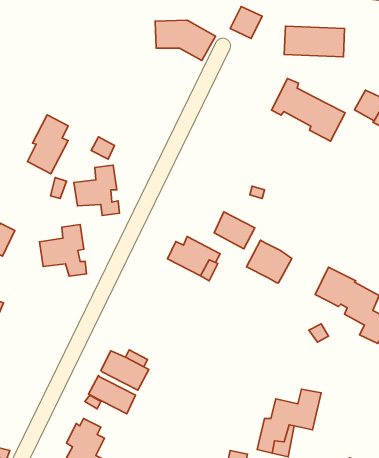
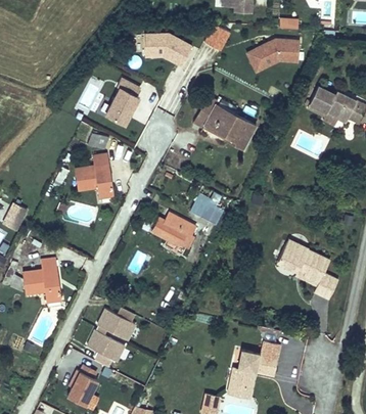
building: [271,78,345,141] -> [194,96,256,148]
building: [28,115,68,174] -> [105,78,139,127]
building: [40,225,86,276] -> [21,259,60,302]
building: [247,240,292,283] -> none

